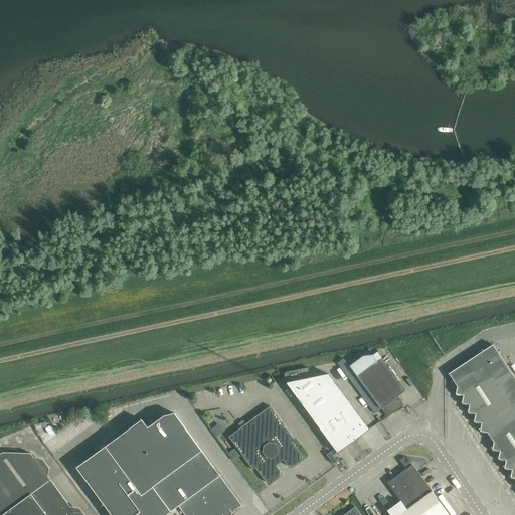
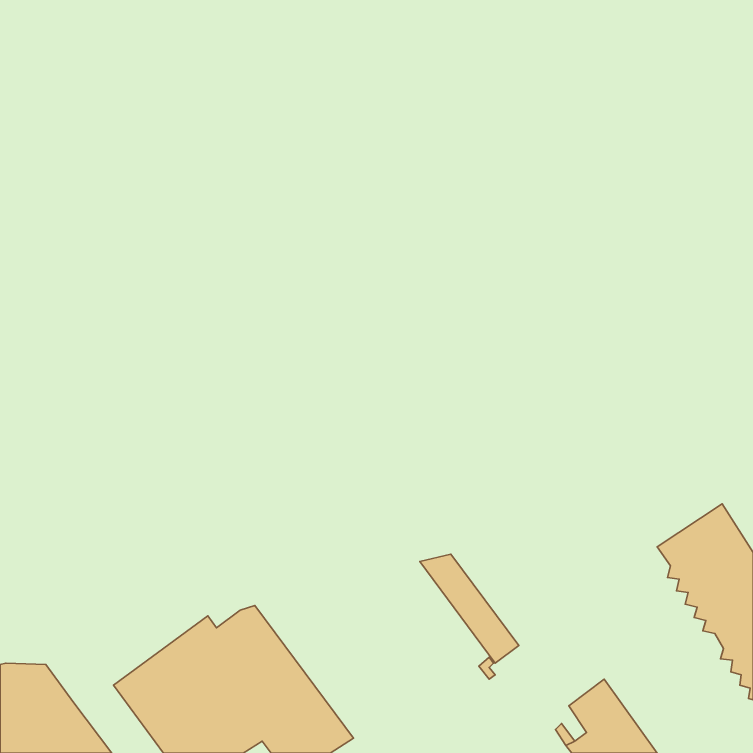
building: [338,355,406,416] -> none
building: [308,374,370,441] -> none
building: [229,406,303,482] -> none

